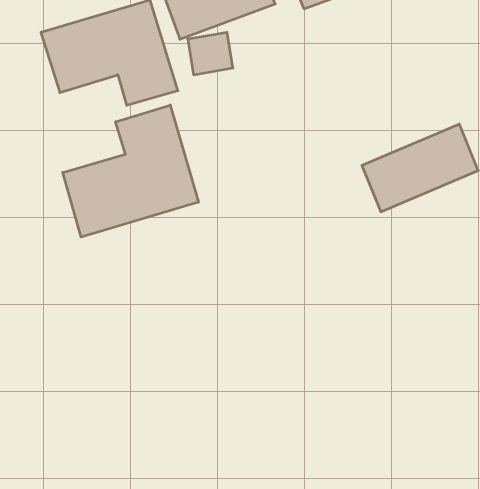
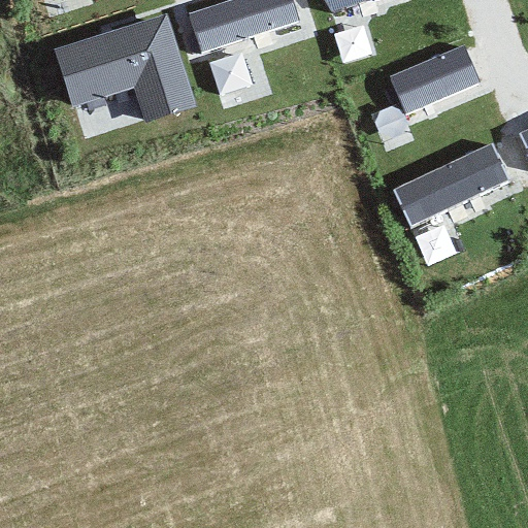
building: none -> [387,44,483,116]
building: [63,105,198,237] -> none

